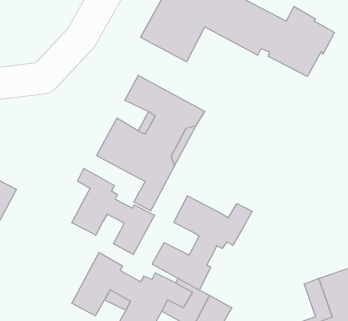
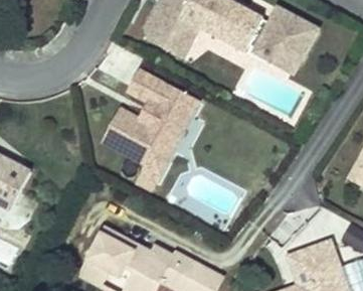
building: [72,168,155,255] -> none
building: [152,196,252,290] -> none

